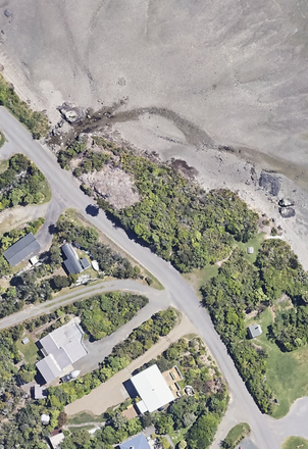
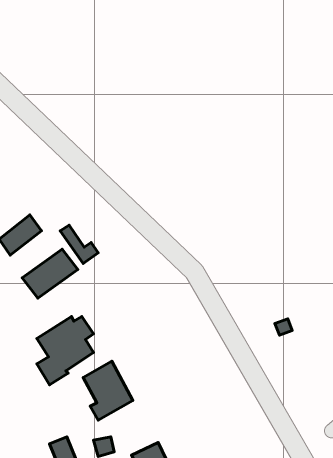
building: none -> [22,249,78,298]
building: [130,363,173,415] -> [83,361,133,420]

